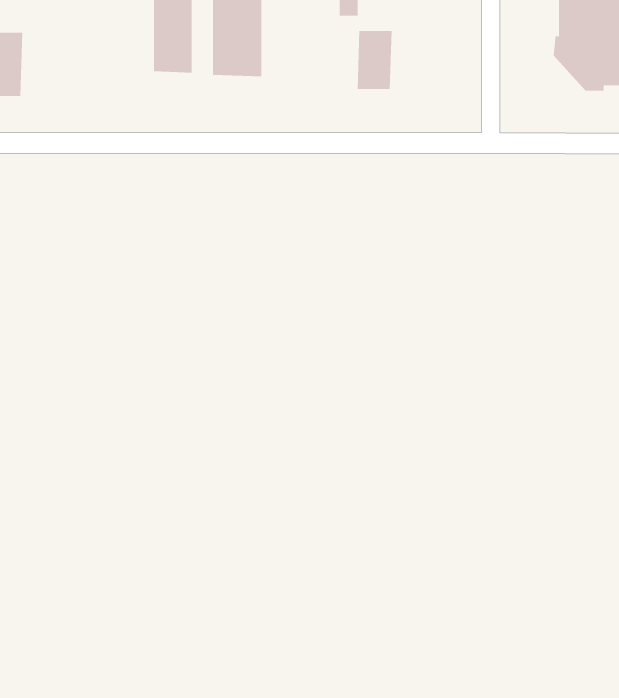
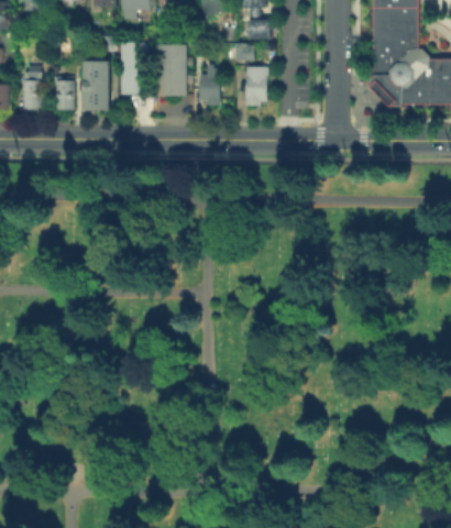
building: none -> [81,59,108,109]
building: none -> [201,76,221,107]
building: none -> [56,80,74,111]

